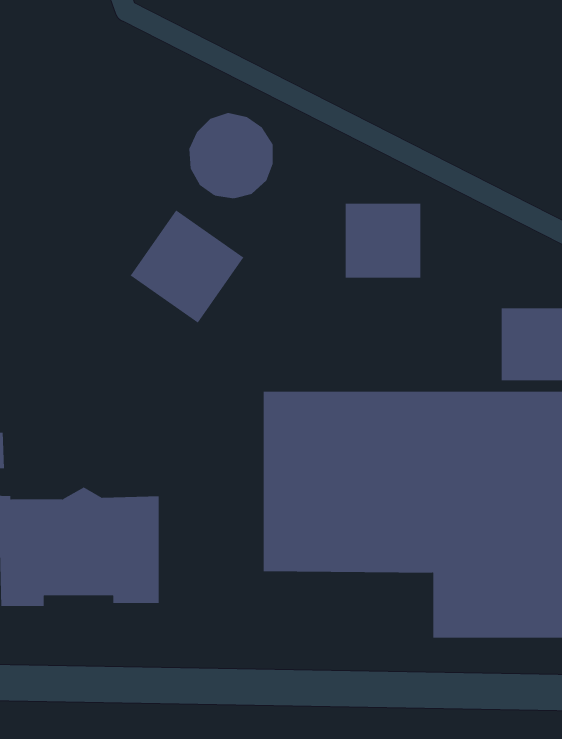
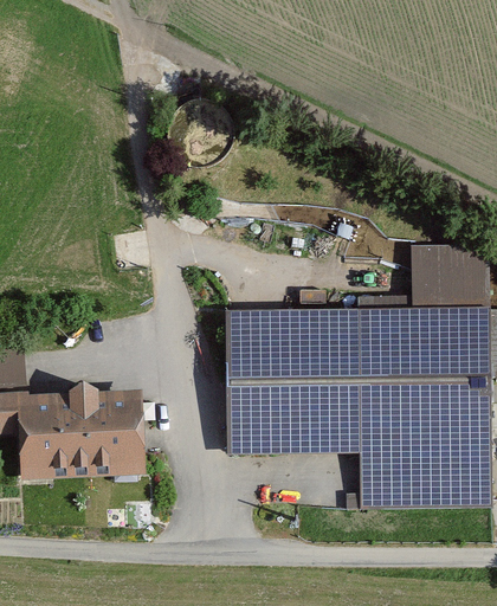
building: [345,203,421,278] -> none
building: [130,210,244,323] -> none

